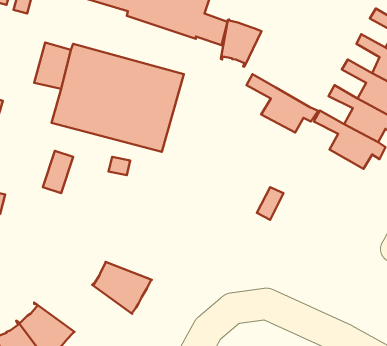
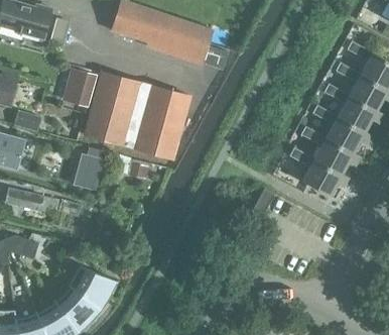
building: [221,20,262,67] -> none
building: [247,74,318,133] -> [288,146,348,195]
building: [92,262,152,314] -> [68,265,117,309]

